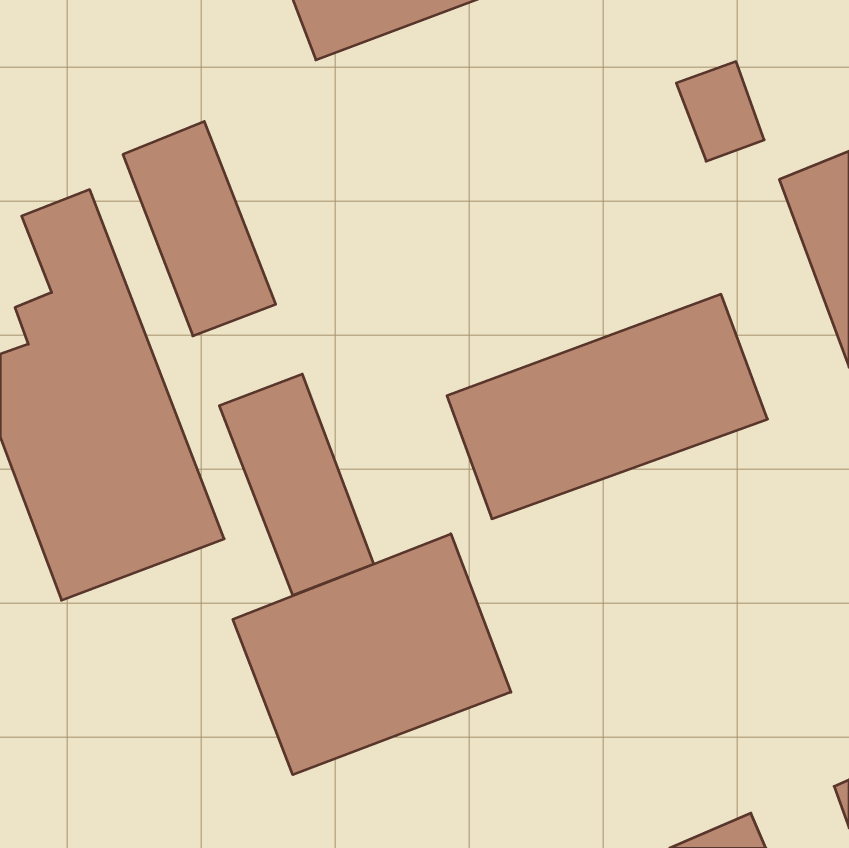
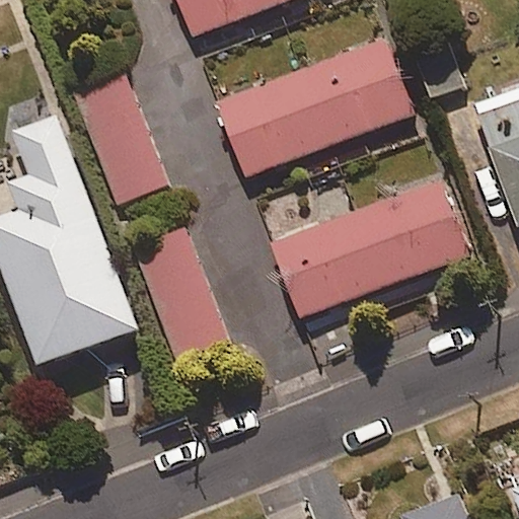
building: none -> [217,39,414,177]
building: [233,534,511,775] -> none

